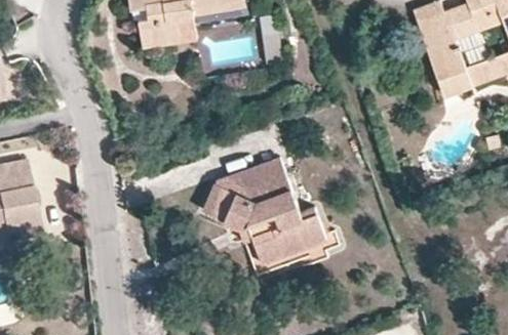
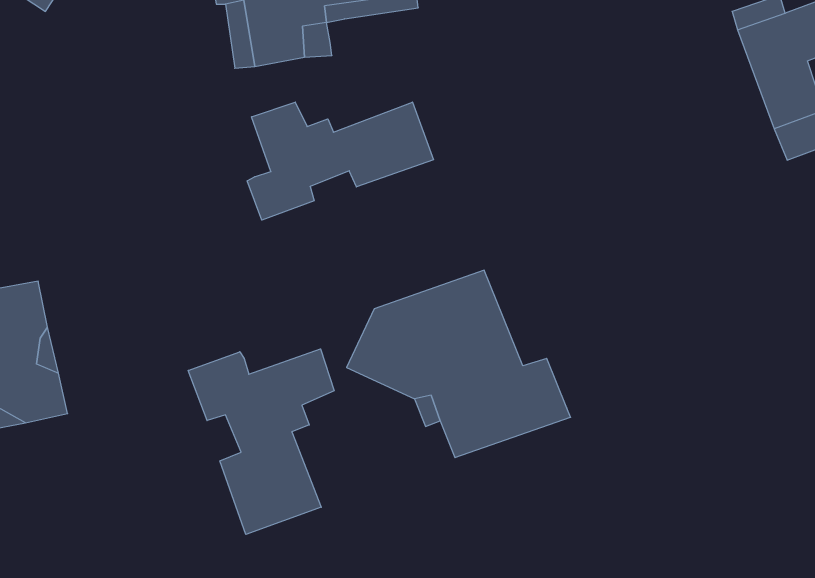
building: none -> [247,102,433,220]
building: none -> [188,349,334,534]

